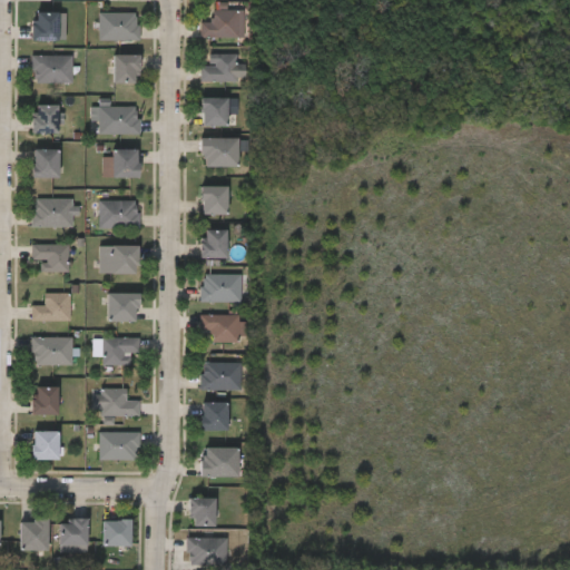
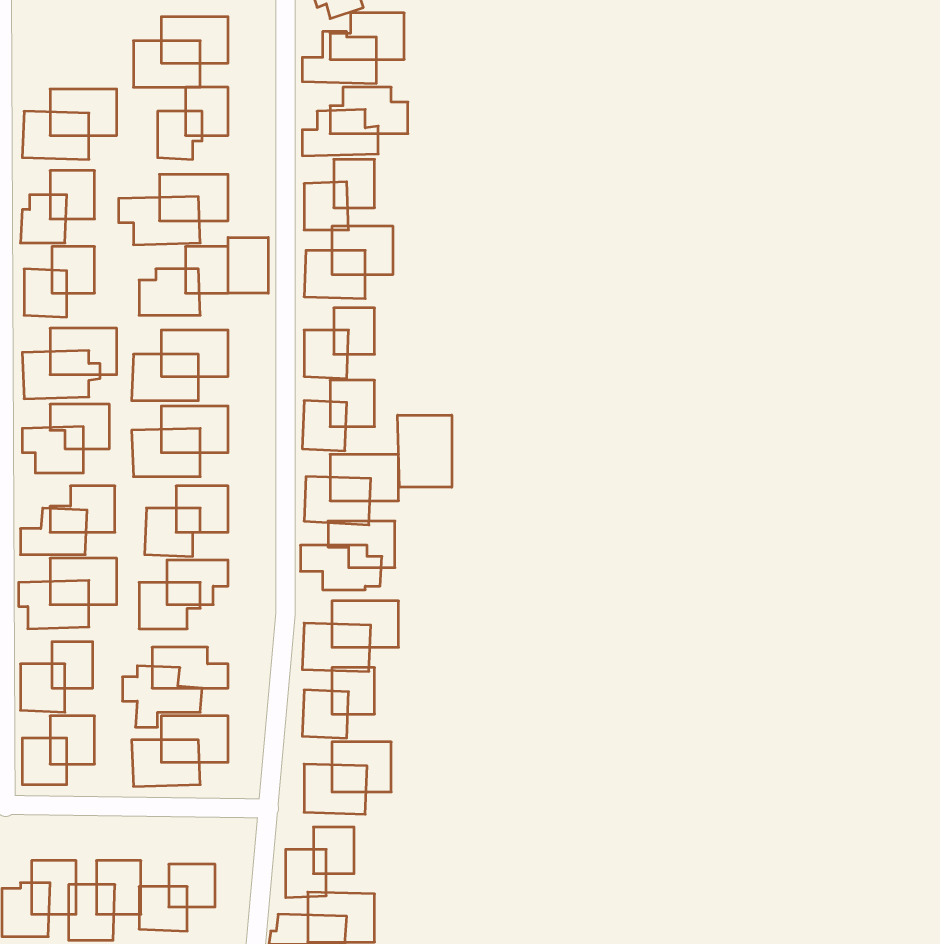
building: [35,10,60,38] -> none
building: none -> [228,237,268,293]
building: none -> [398,415,452,487]

